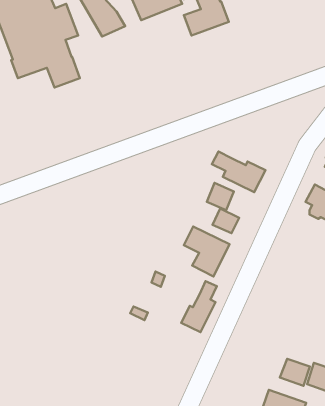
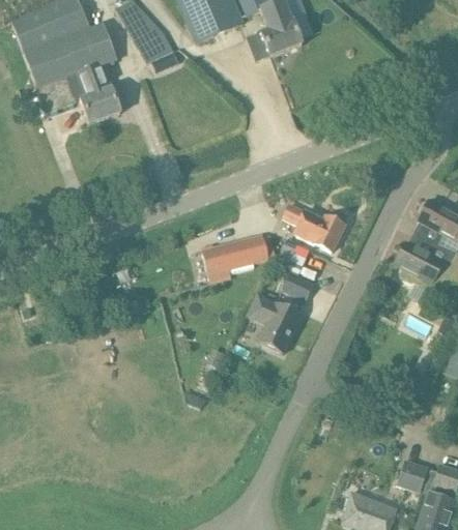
building: none -> [201,232,276,283]
building: [181,281,217,332] -> none
building: [280,359,310,386] -> none

